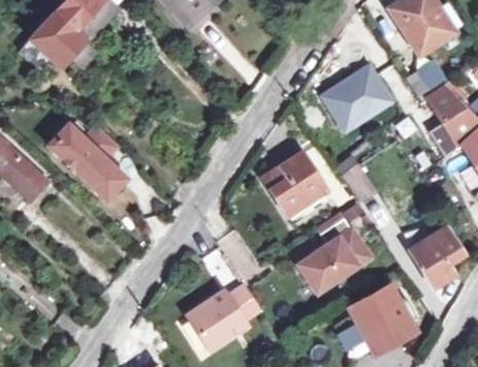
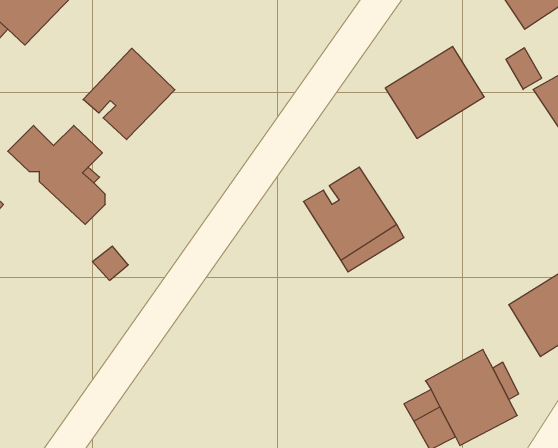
building: none -> [83,48,175,140]
building: [299,214,370,293] -> none
building: [187,282,260,348] -> none

